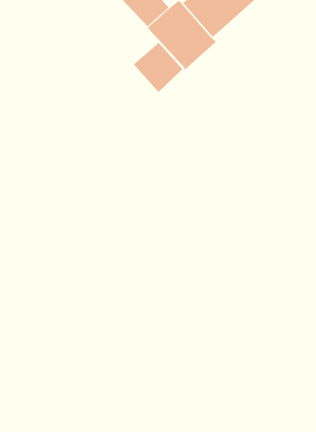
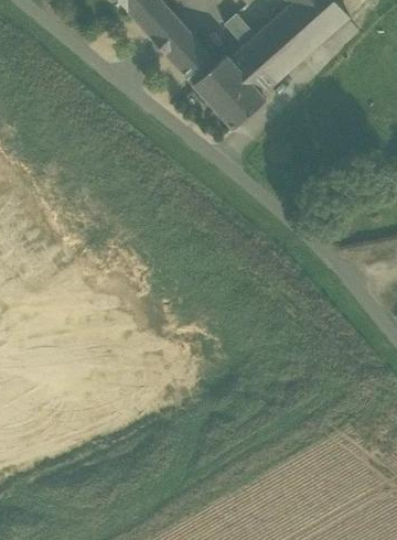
building: [133,42,183,93] -> none

